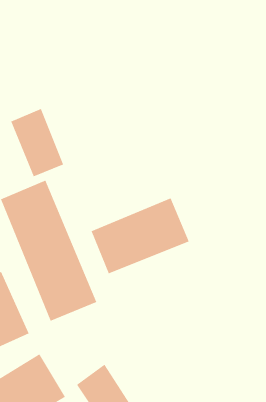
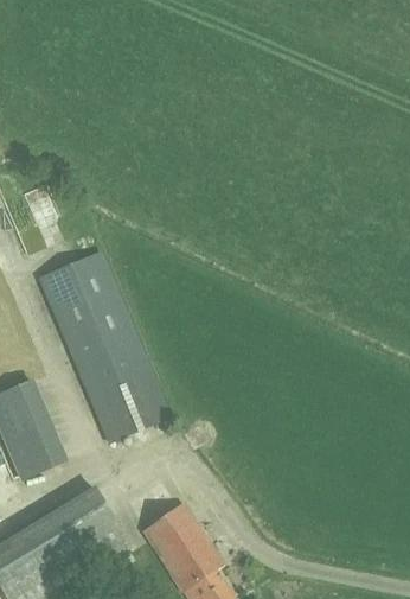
building: [10,108,64,177] -> none
building: [91,198,189,274] -> none

